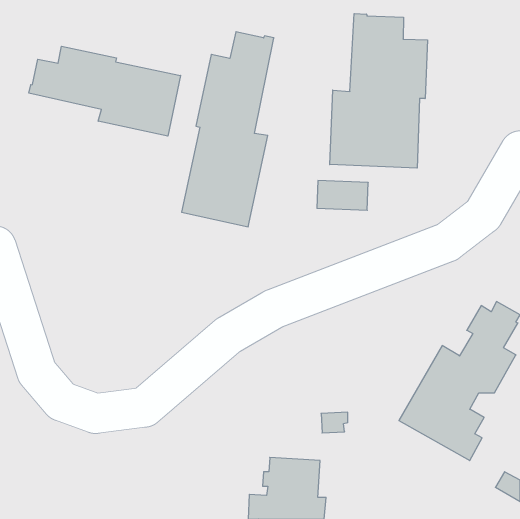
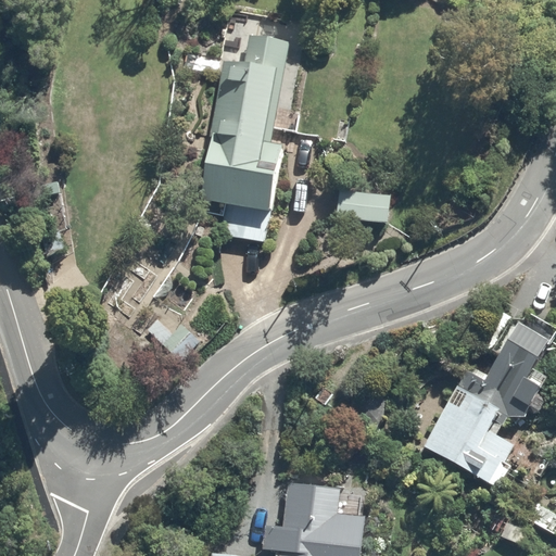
building: [330,14,427,168] -> none
building: [29,46,181,136] -> none

